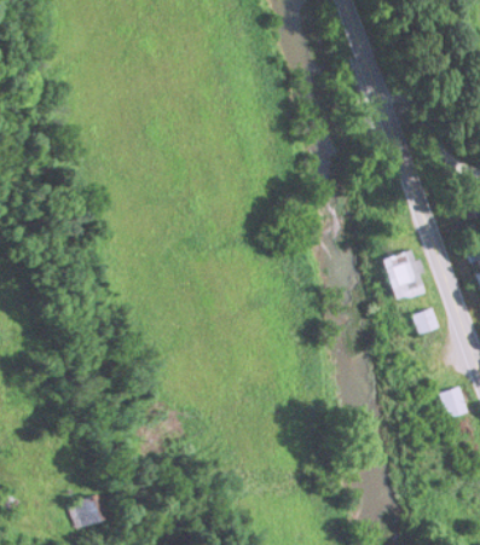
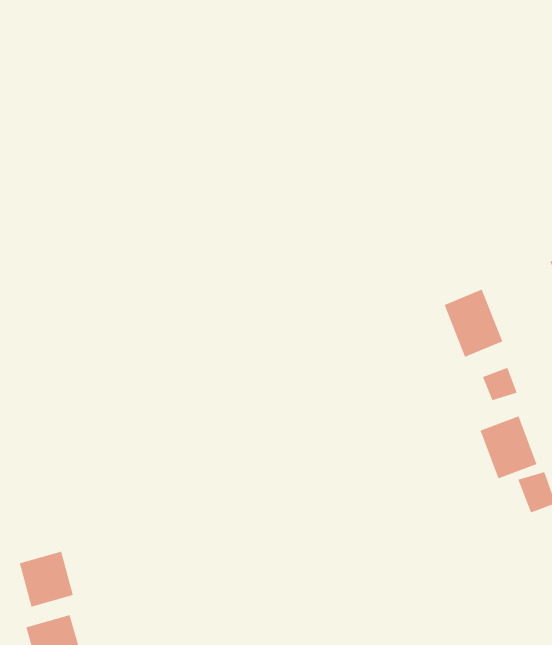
building: none -> [480,415,537,479]
building: none -> [19,551,74,607]

